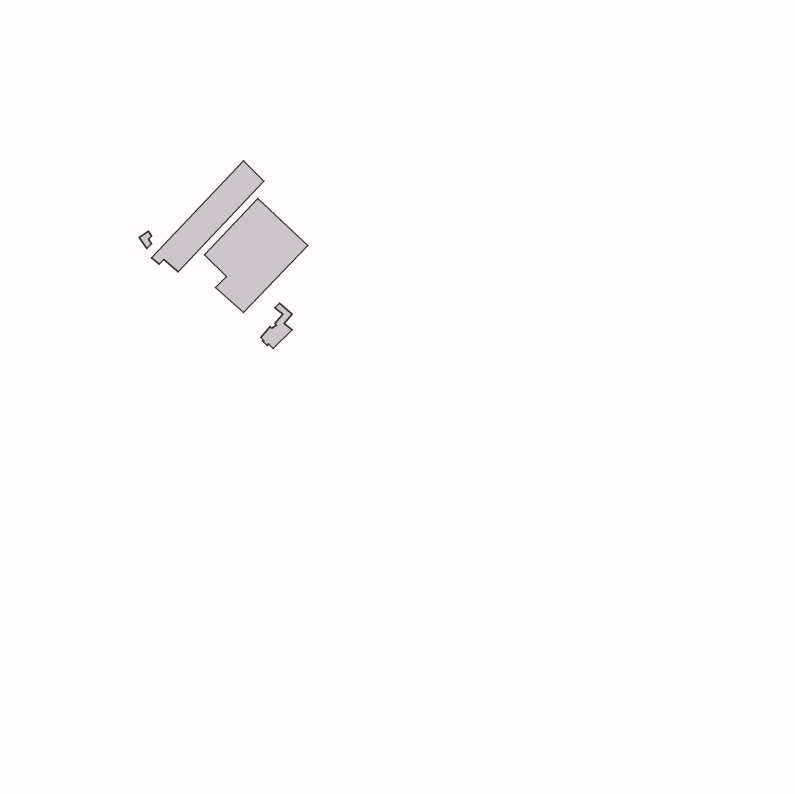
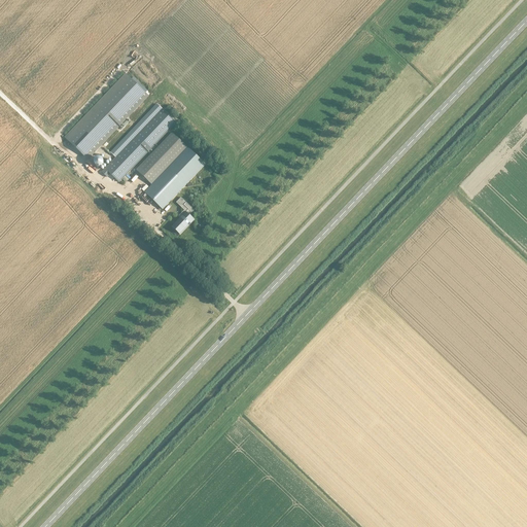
building: none -> [63,72,146,156]

